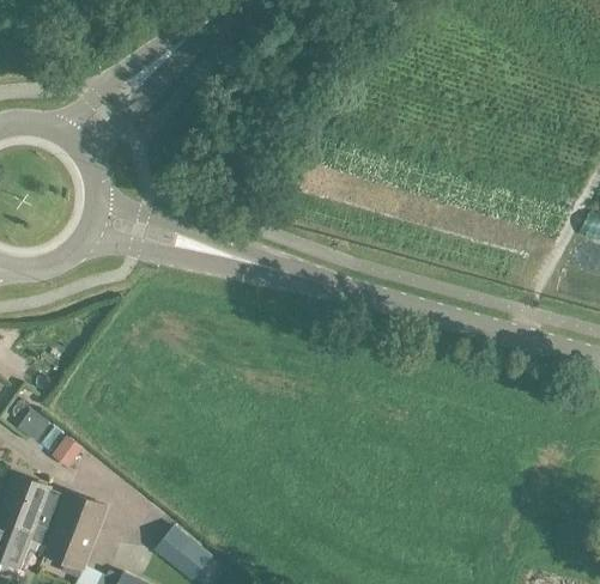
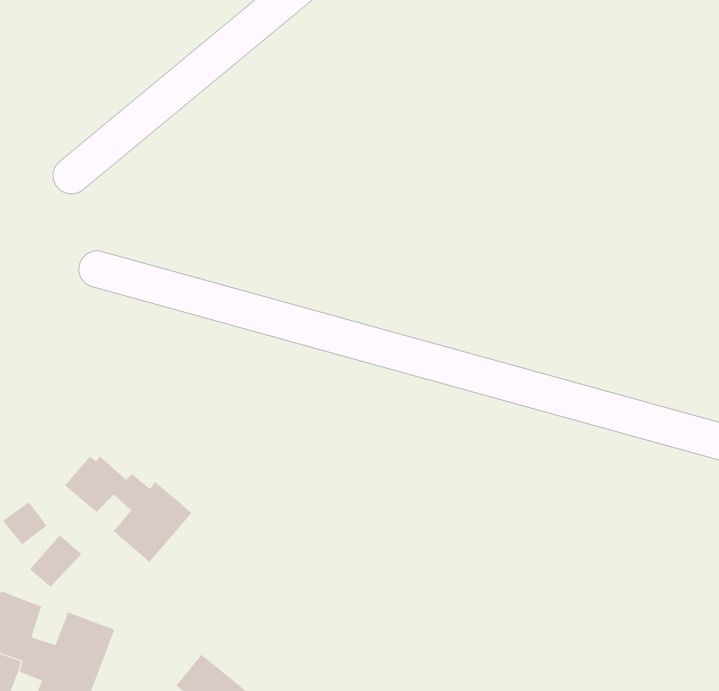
building: none -> [64,456,192,563]

